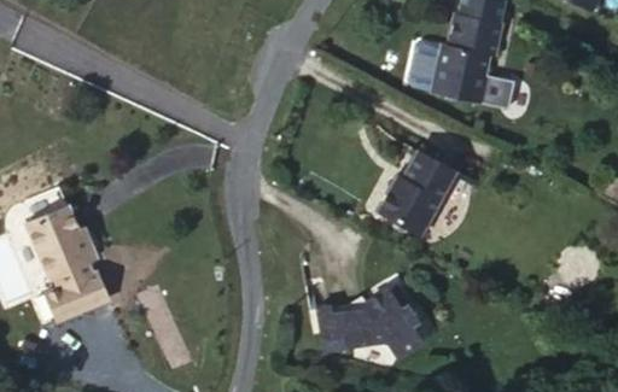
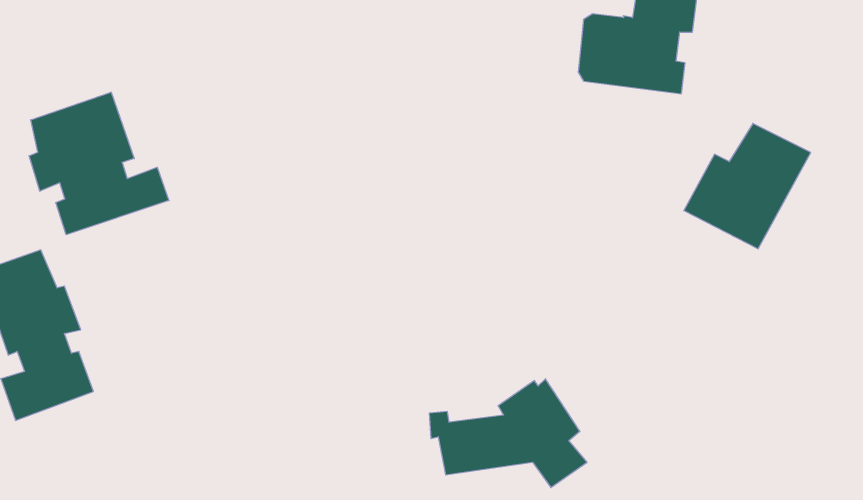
building: none -> [29,92,169,235]
building: [378,158,462,241] -> [684,123,811,249]

